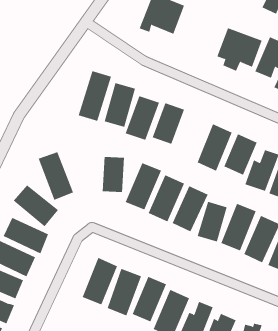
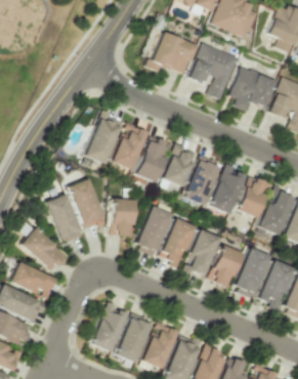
building: none -> [189,43,240,100]
building: none -> [183,156,220,206]
building: none -> [68,178,107,229]

